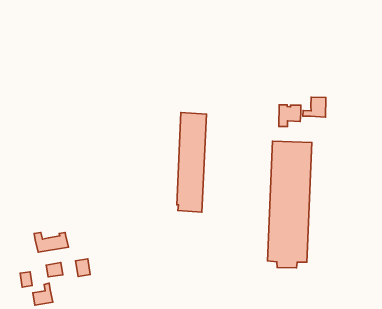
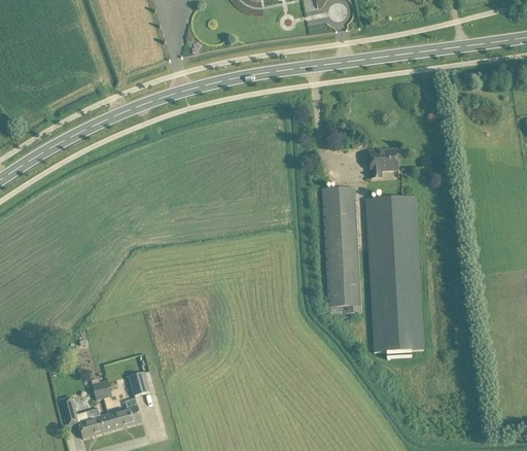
building: [303,97,326,117] -> none
building: [177,112,206,212] -> [322,186,361,313]
building: [34,232,68,252] -> [98,402,143,430]

